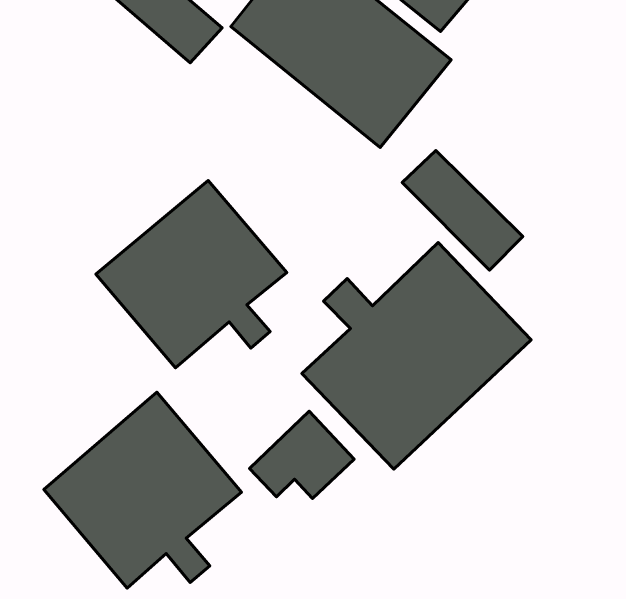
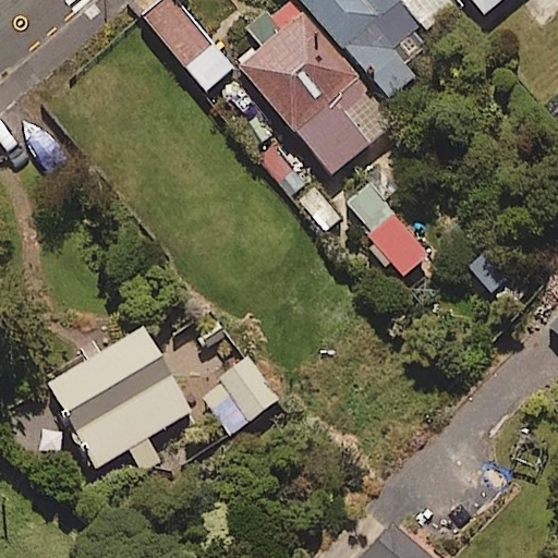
building: [96,181,287,368] -> none
building: [302,242,531,469] -> none

